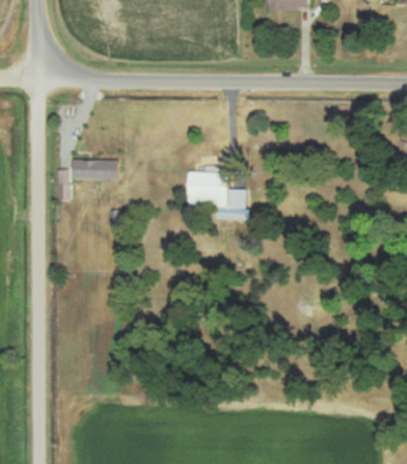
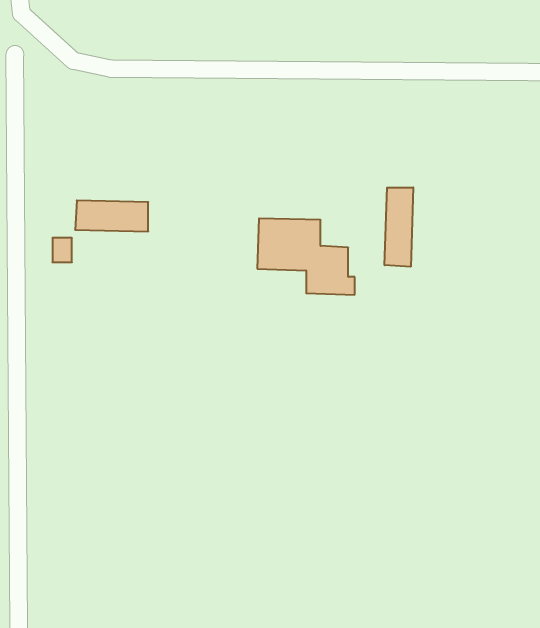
building: none -> [385,187,413,267]

